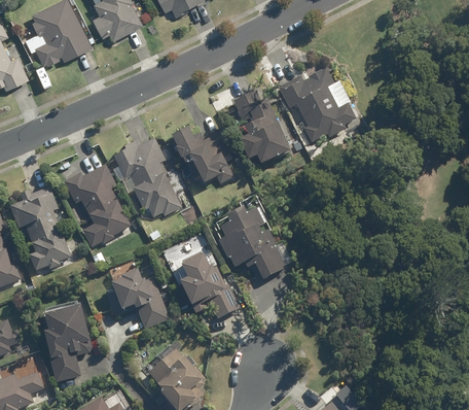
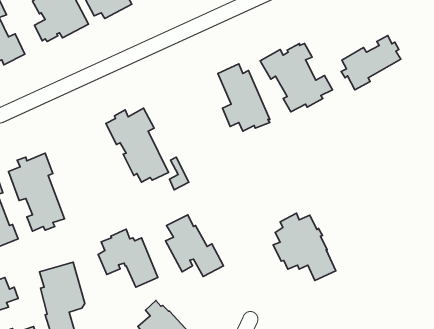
building: none -> [341,35,401,90]
building: [170,124,233,183] -> none
building: [64,163,131,246] -> none
building: [218,205,285,277] -> [273,213,336,281]

